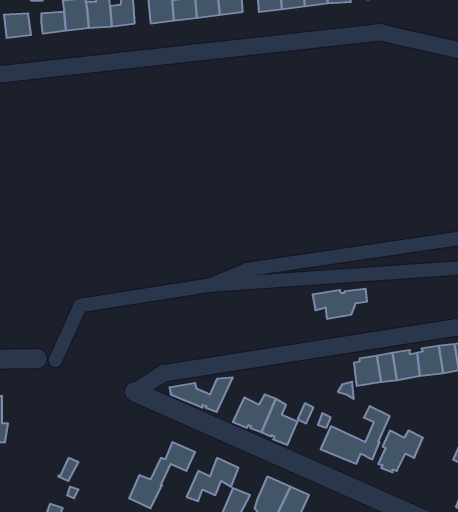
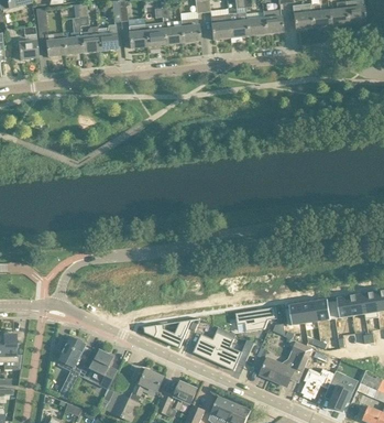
building: [312,289,367,319] -> [235,307,277,330]
building: none -> [59,335,87,373]
building: none -> [90,348,118,388]
building: none -> [325,370,354,410]

